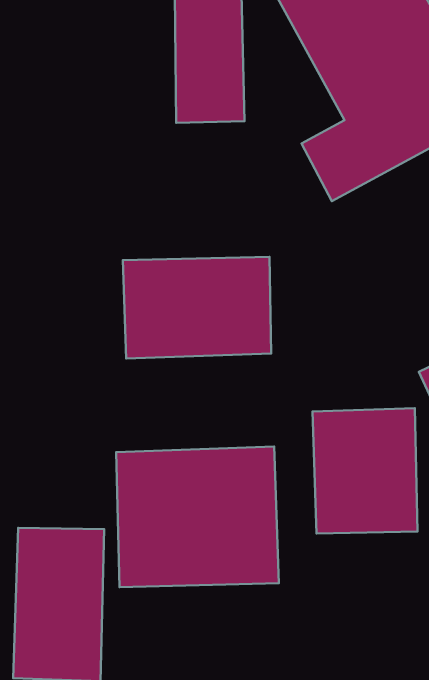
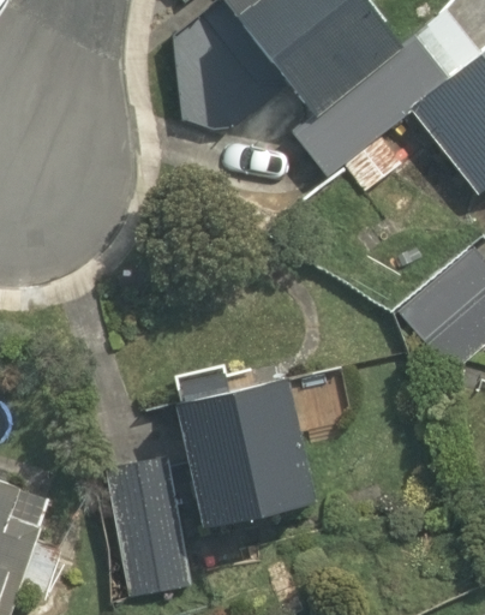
building: [123,257,271,359] -> none
building: [312,408,418,534] -> none

